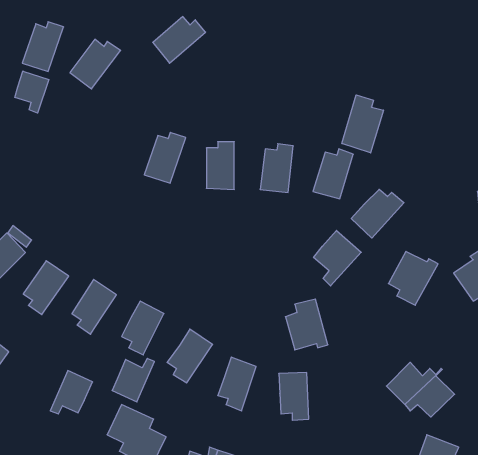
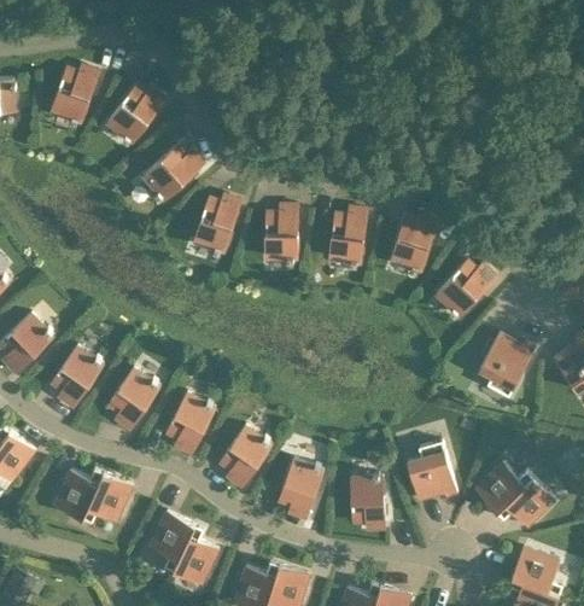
building: [153,17,206,63] -> [141,147,203,202]
building: [15,71,49,113] -> none
building: [342,95,383,153] -> none
building: [314,230,361,286] -> none
building: [285,299,328,350] -> [407,442,456,501]
building: [112,358,154,402] -> [53,470,103,520]

